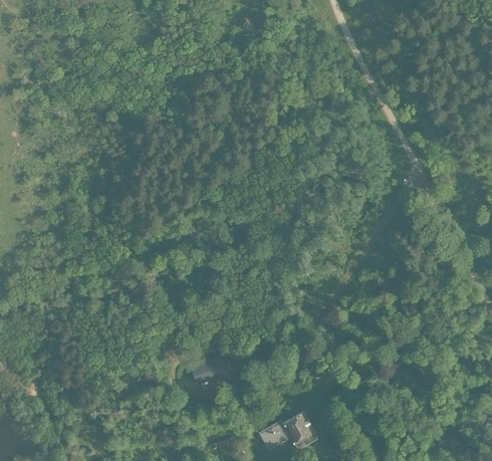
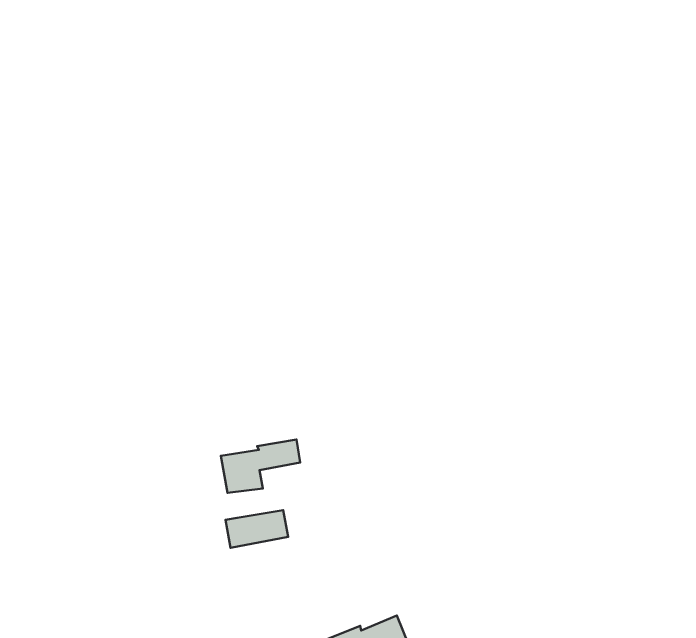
building: none -> [221,439,300,493]

